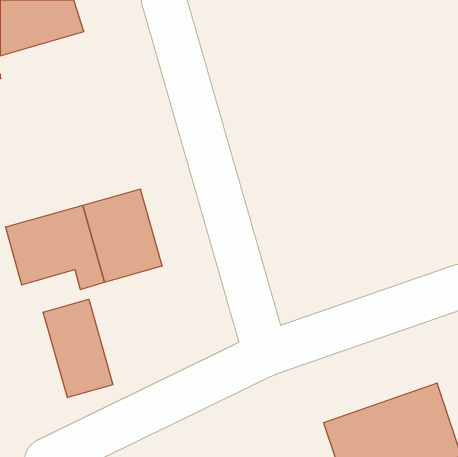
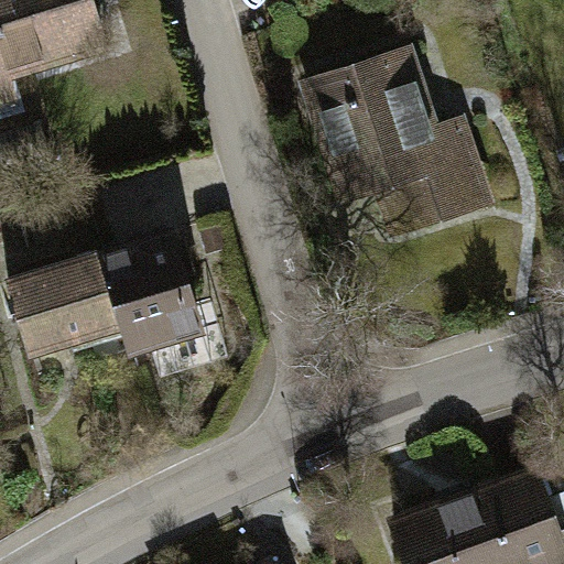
building: none -> [314,59,486,229]
building: [43,299,113,398] -> none

